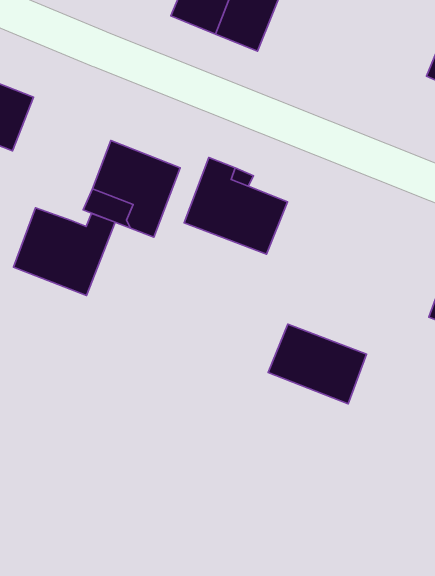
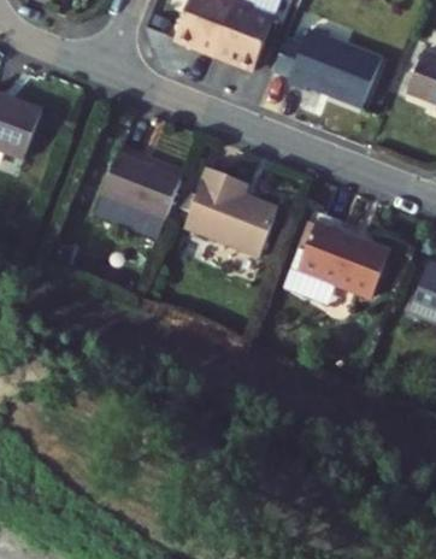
building: none -> [272,28,382,107]
building: [13,208,115,296] -> none
building: [268,324,366,404] -> [299,224,389,298]

